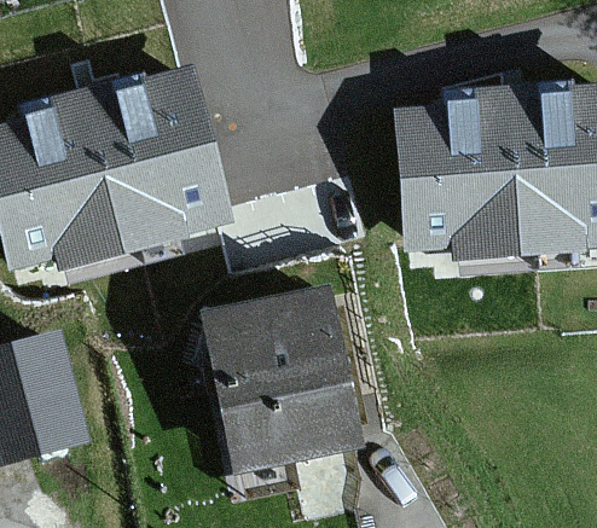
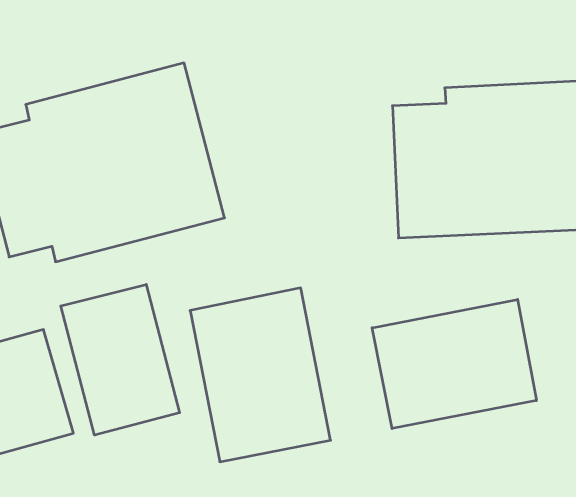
building: none -> [61,284,180,435]
building: none -> [372,299,536,429]

